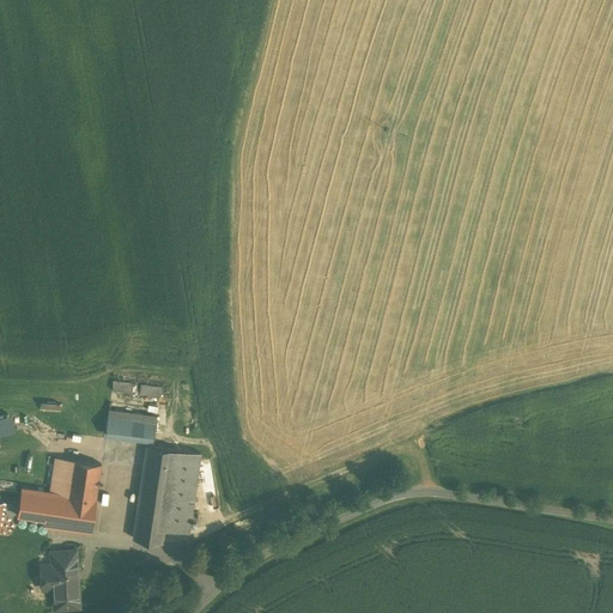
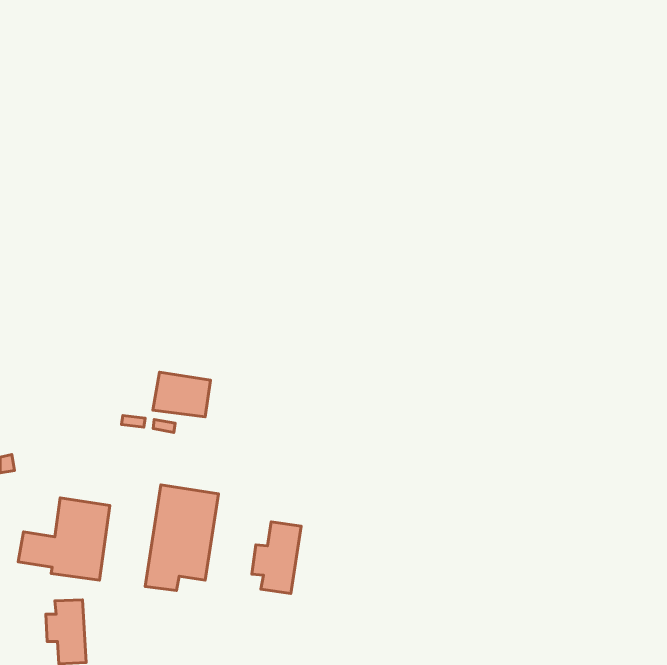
building: [105,403,158,444] -> [153,372,210,417]
building: none -> [252,522,301,593]

